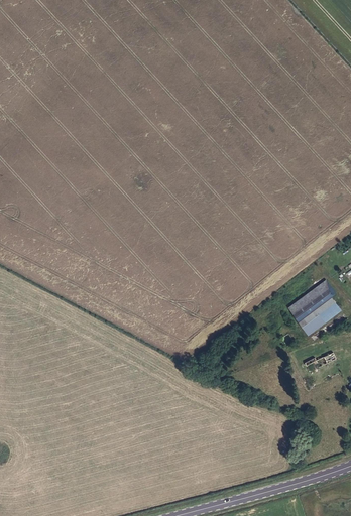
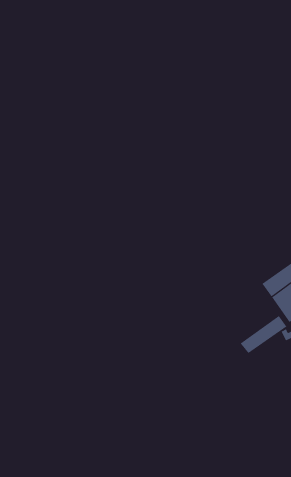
building: none -> [240,315,287,354]

